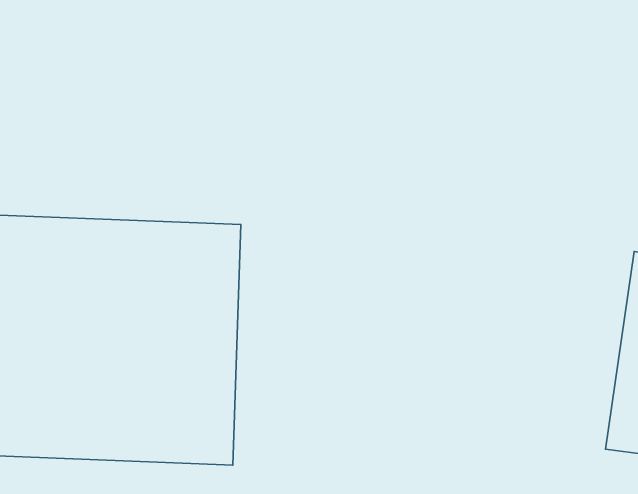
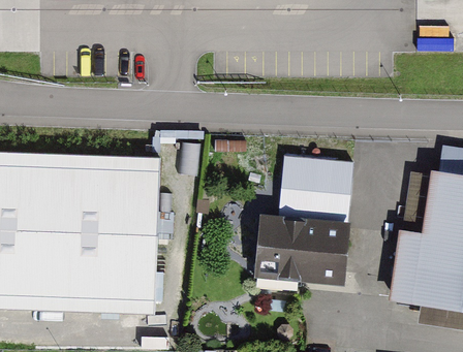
building: none -> [255,163,350,294]

